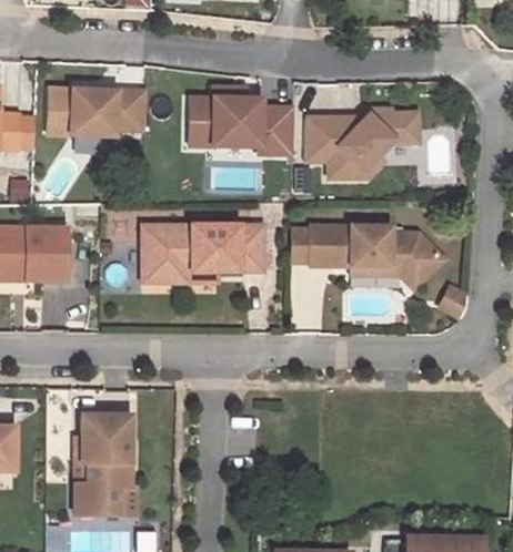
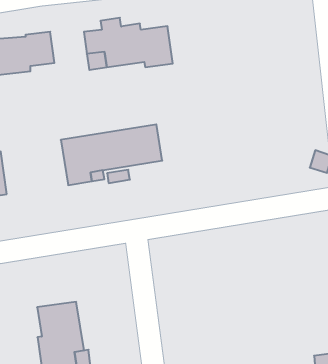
building: [303,109,418,177] -> none
building: [309,226,444,288] -> none

